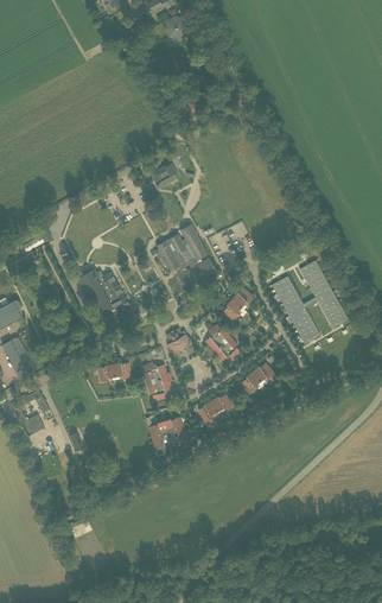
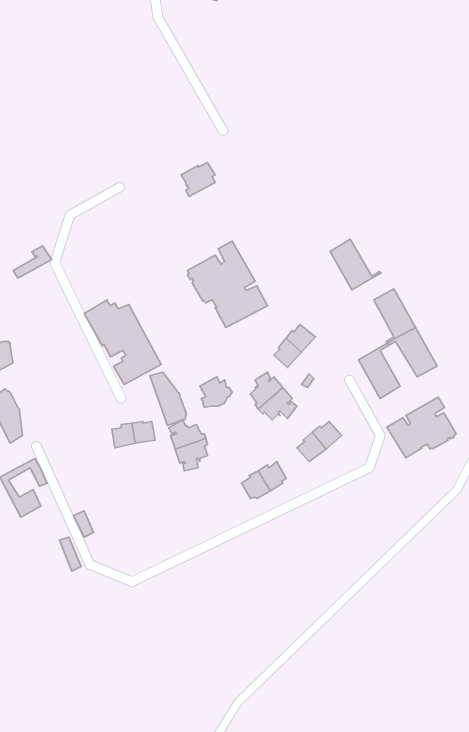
building: [272,275,311,315] -> [330,239,381,290]
building: none -> [150,372,186,425]
building: none -> [387,397,456,458]
building: [148,417,187,449] -> none

